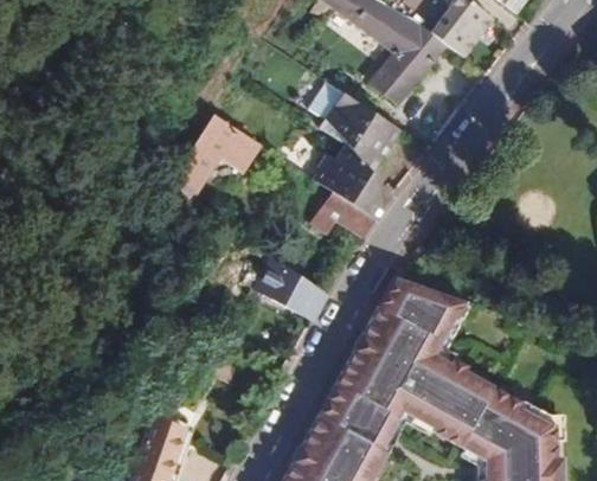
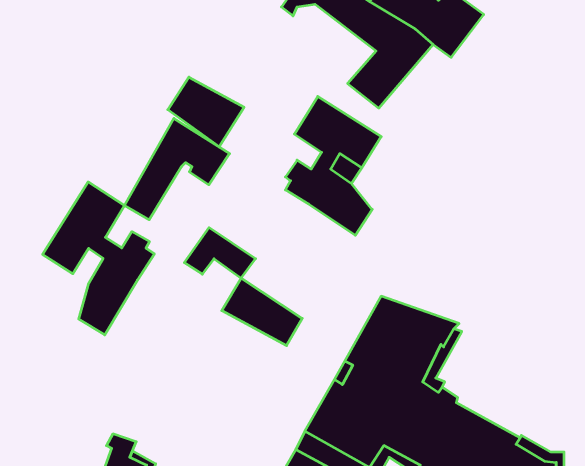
building: none -> [168,77,244,147]
building: none -> [43,182,154,335]
building: [309,192,374,238] -> [184,228,256,278]

